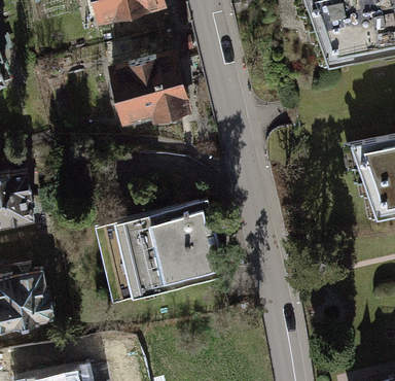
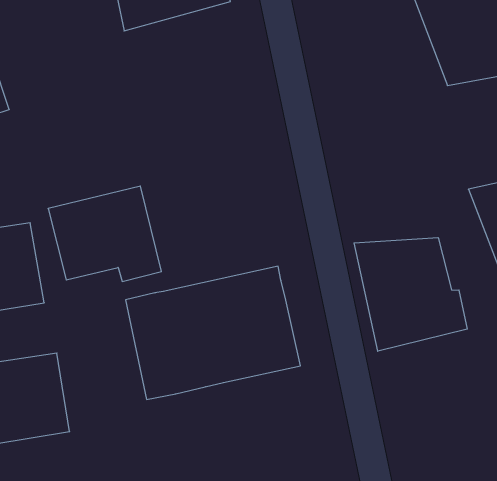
building: [107,50,190,120] -> [48,186,161,281]
building: none -> [354,238,467,351]

